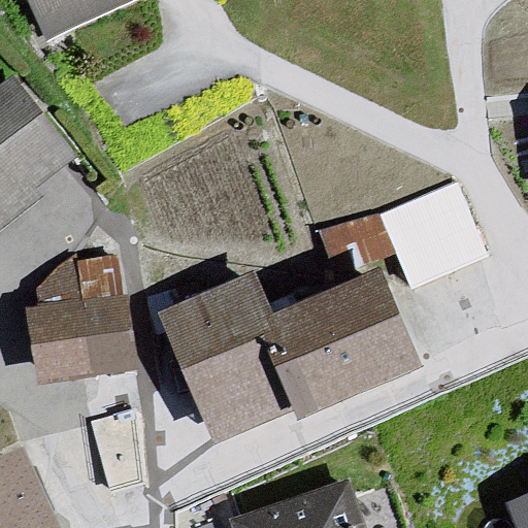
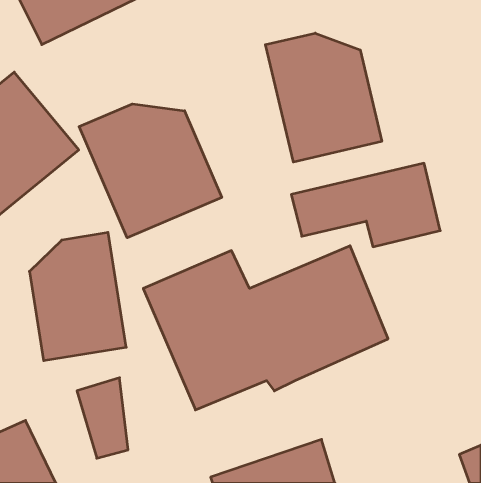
building: none -> [265,33,382,162]
building: none -> [79,104,222,238]

